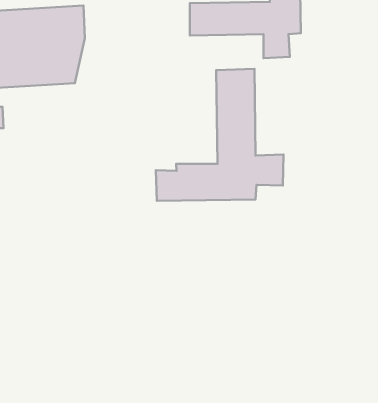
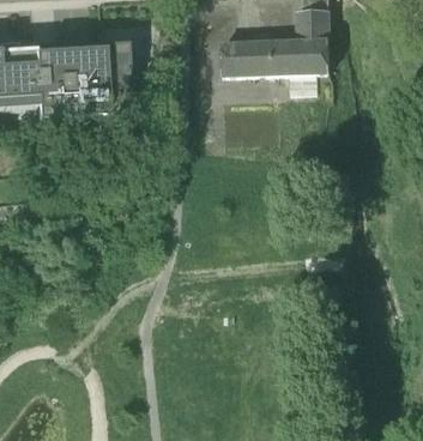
building: [156,69,283,201] -> none

